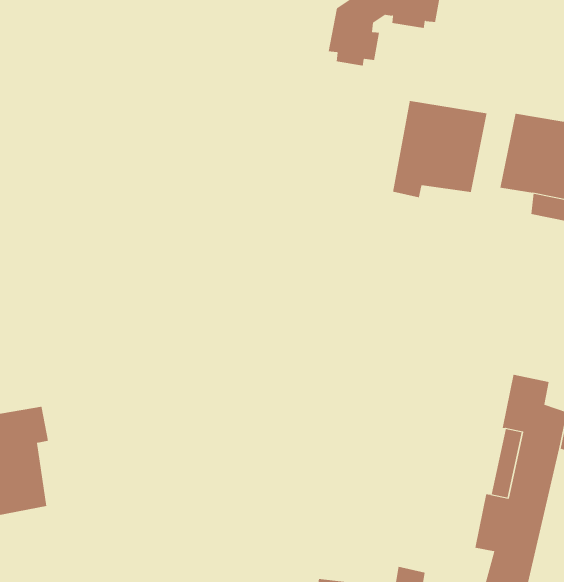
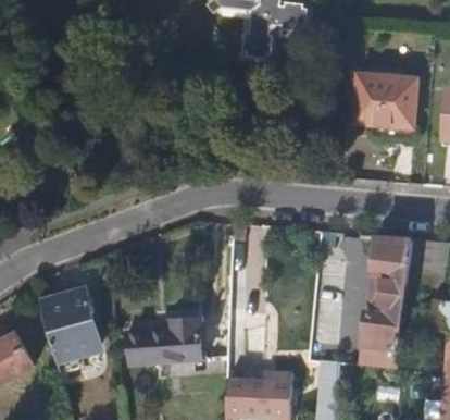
building: [392,100,487,198] -> none
building: none -> [127,316,204,366]

